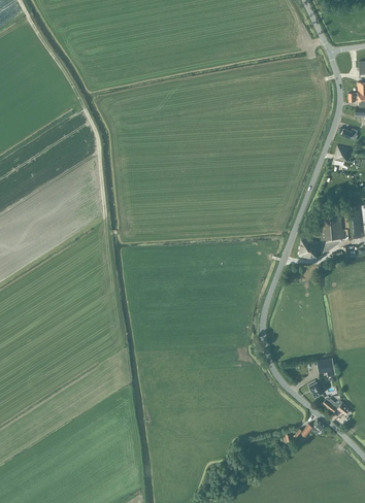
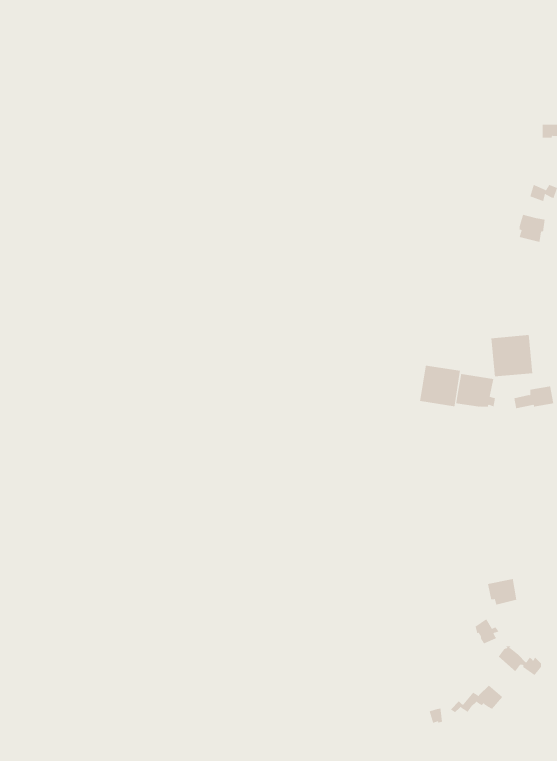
building: none -> [420,365,461,407]

